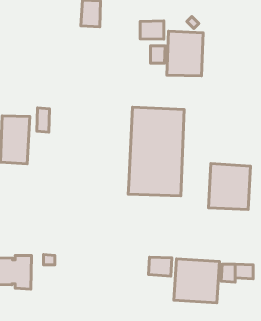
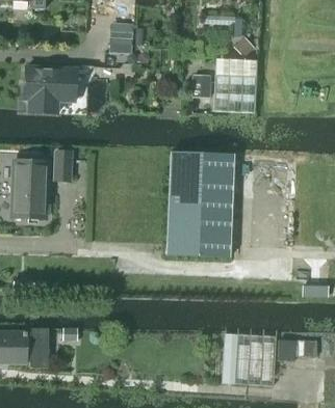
building: [140,21,164,39] -> none
building: none -> [24,66,76,112]
building: [209,164,250,209] -> none
building: [149,257,172,276] -> none

